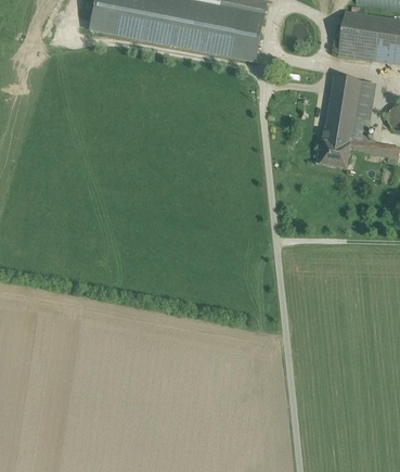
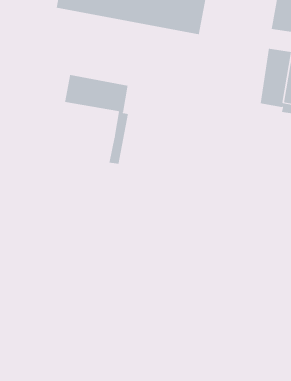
building: none -> [65,74,128,164]
building: [315,140,350,168] -> none

